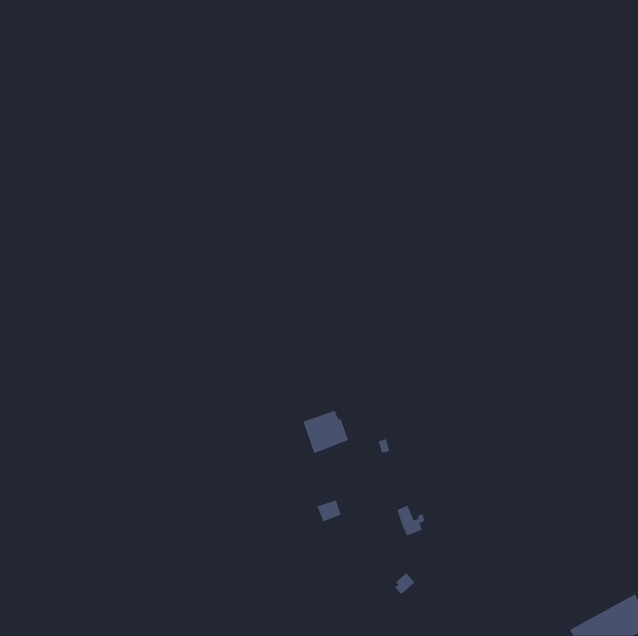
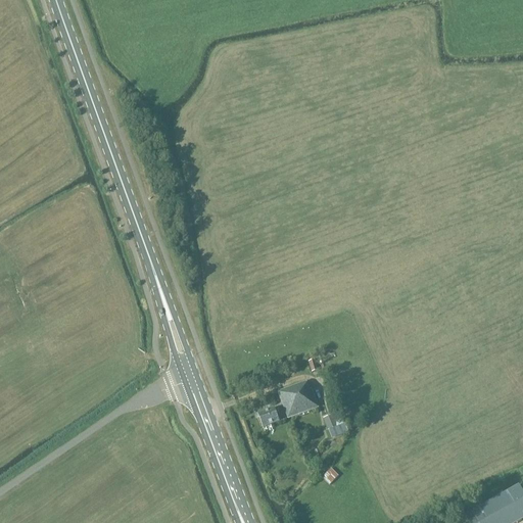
building: [303,410,349,454] -> [281,382,319,418]

